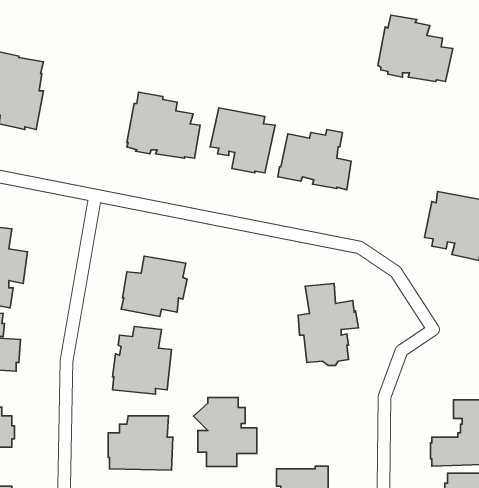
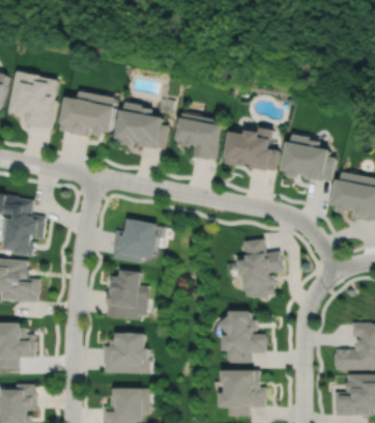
building: [378,15,453,81] -> [282,135,336,182]
building: none -> [60,91,116,137]
building: [194,398,257,467] -> [222,313,267,363]

